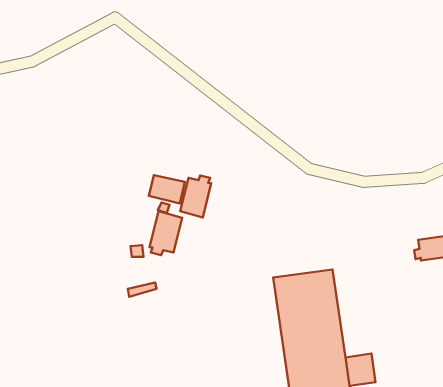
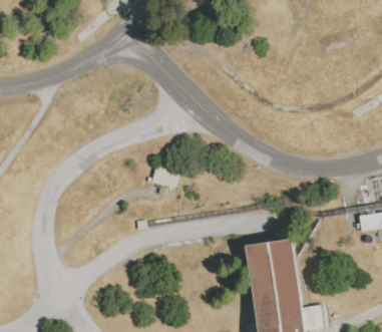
building: [180,175,211,218] -> none
building: [150,211,182,255] -> none

